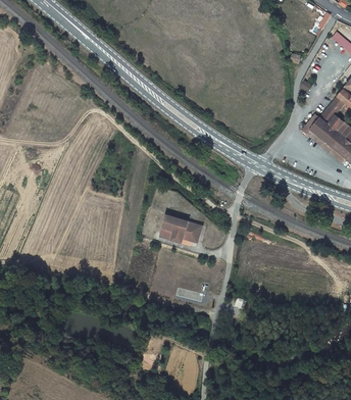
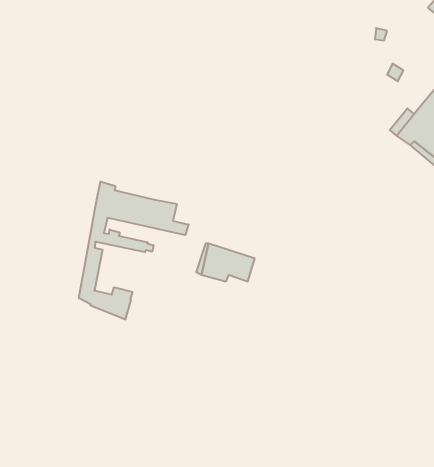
building: none -> [79,182,189,320]

